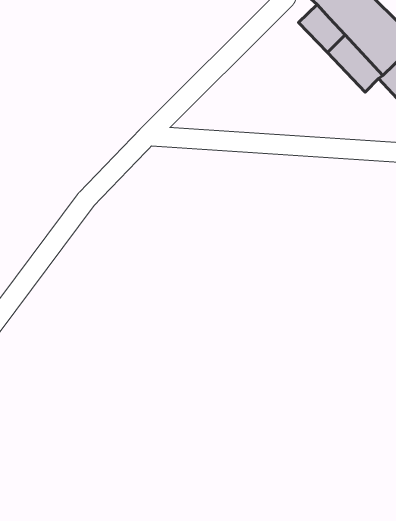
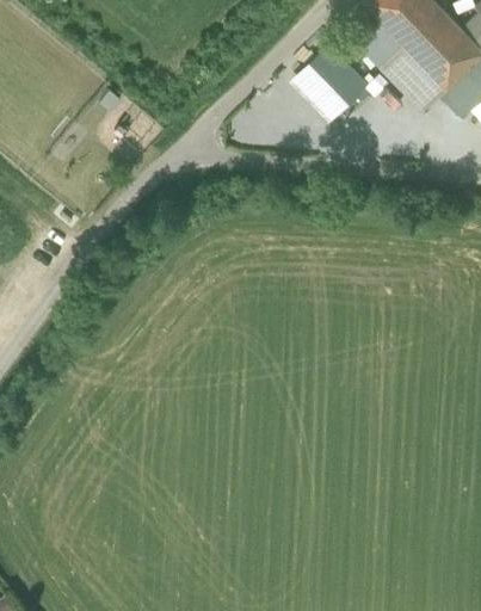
building: none -> [290,41,368,119]

